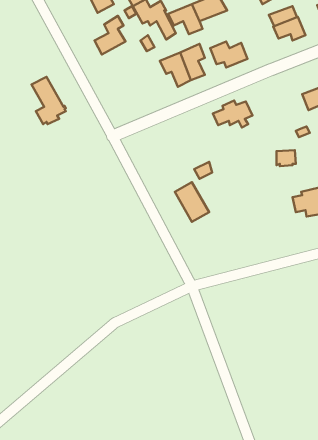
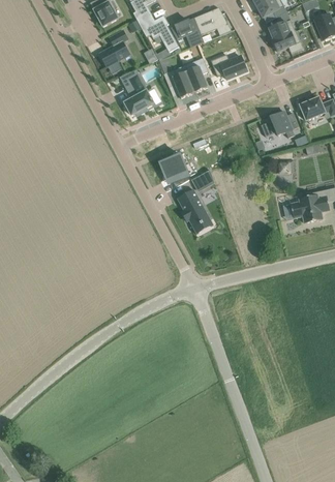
building: [31,77,66,124] -> [120,69,153,115]
building: [213,101,252,127] -> [261,112,299,138]
building: none -> [159,152,192,186]

